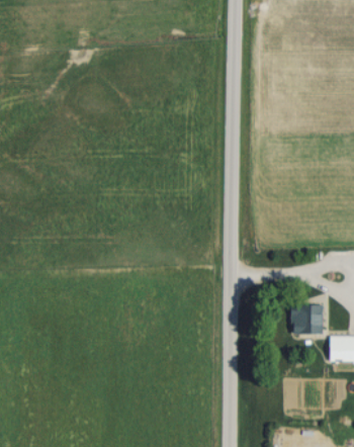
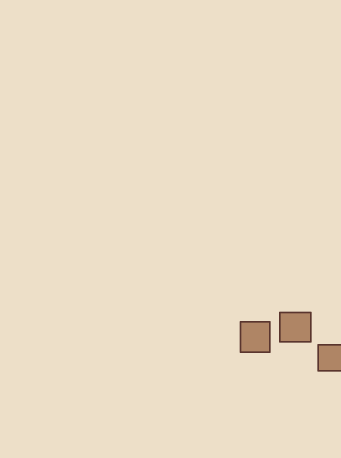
building: none -> [240,322,270,352]

